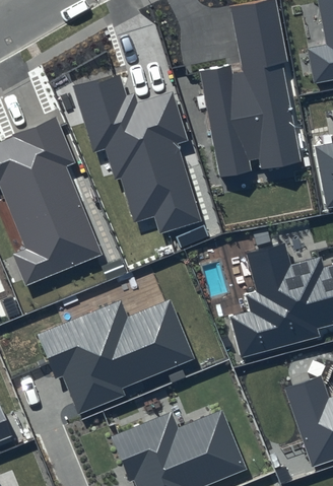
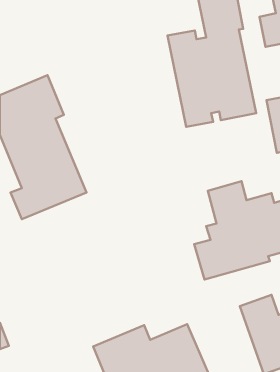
building: [75,75,203,235] -> none
building: [37,298,196,413] -> none

